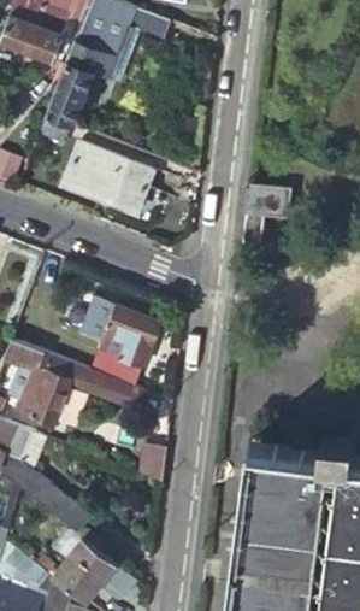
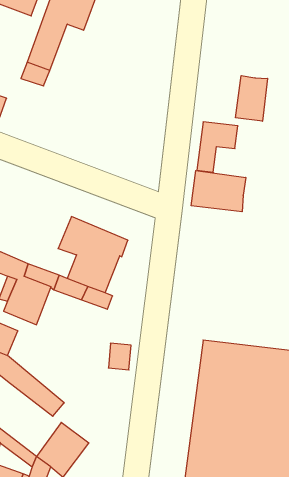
building: none -> [236,76,268,121]
building: [61,141,151,208] -> none
building: none -> [191,171,246,212]

